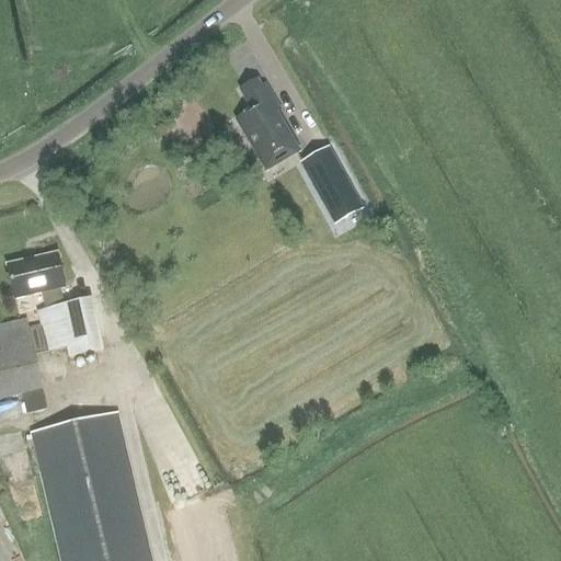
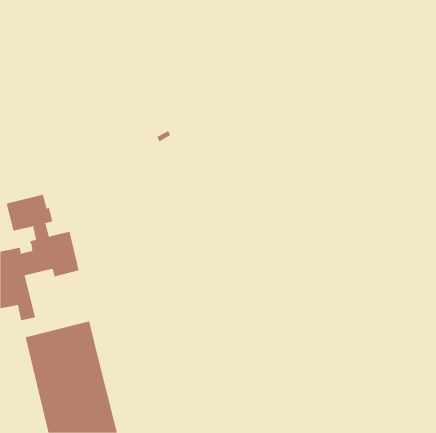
building: [237,78,296,161] -> none
building: [301,146,364,225] -> none

